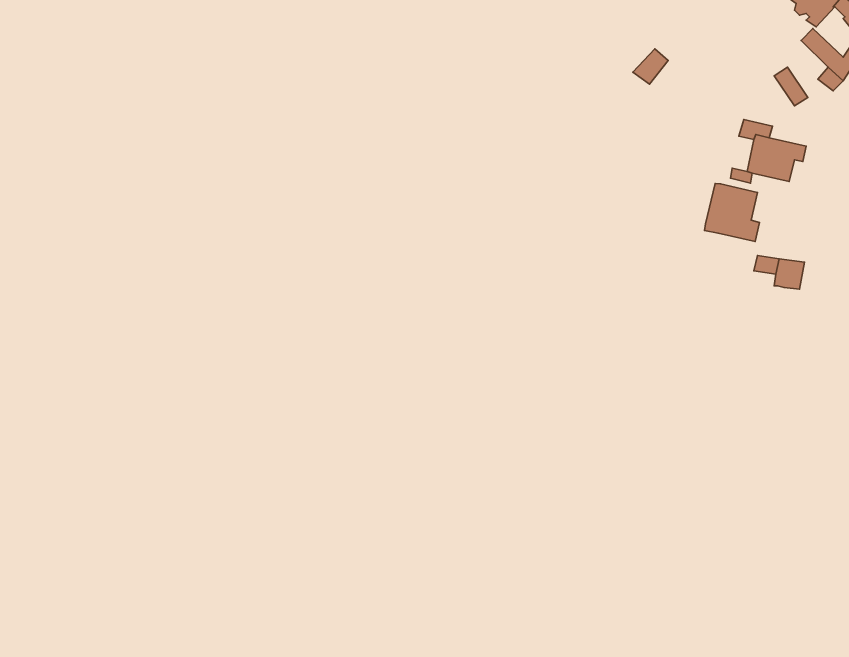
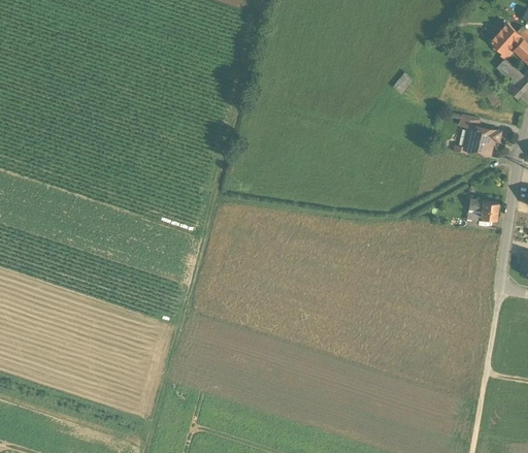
building: [704,183,760,241] -> none

